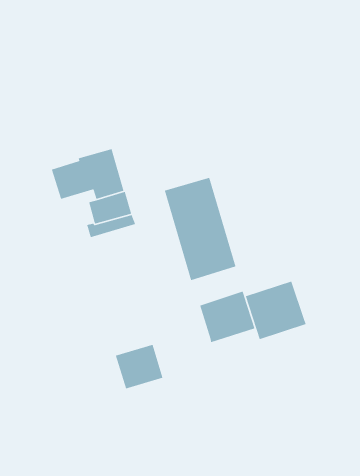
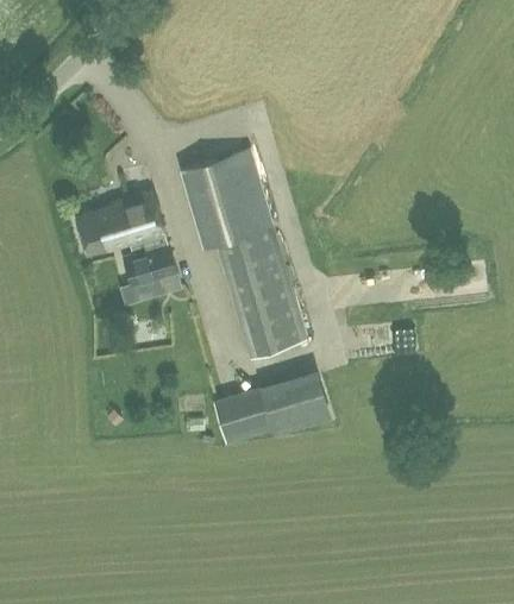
building: none -> [181,150,275,250]
building: [245,281,307,340] -> none
building: [115,344,164,390] -> [214,389,275,446]

